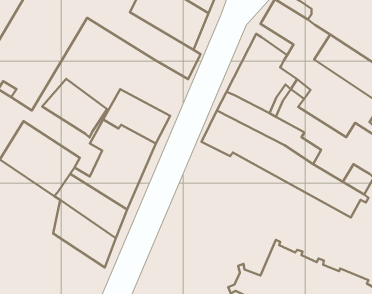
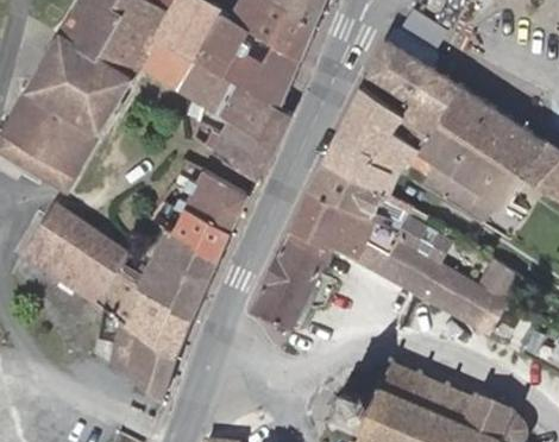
building: none -> [213,121,274,177]
building: [42,79,107,137] -> none
building: none -> [252,231,329,328]

